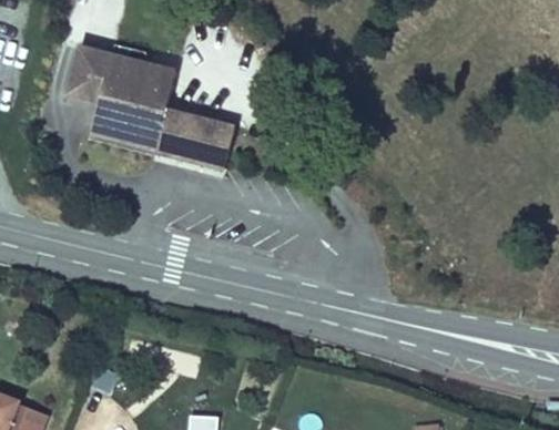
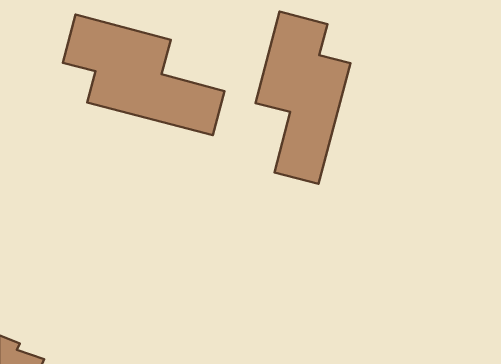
building: none -> [256,11,350,184]

